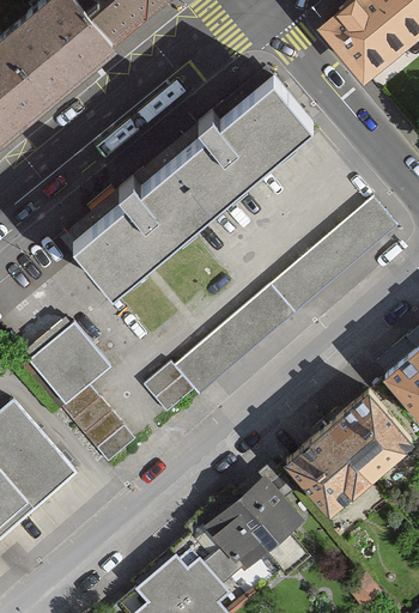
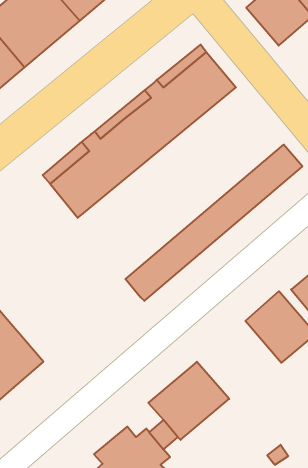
building: [29,328,135,465] -> none
building: [145,365,194,414] -> none
building: [286,421,371,508] -> none

